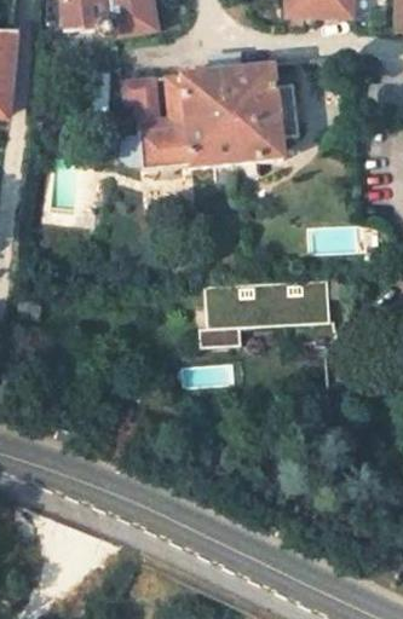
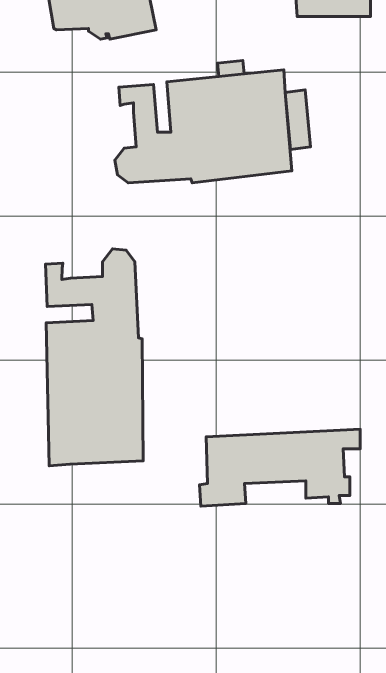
building: none -> [45,249,143,466]
building: [200,278,346,348] -> [199,429,360,506]

